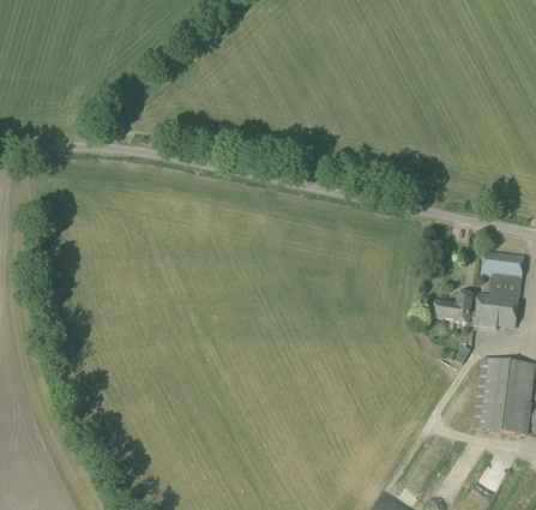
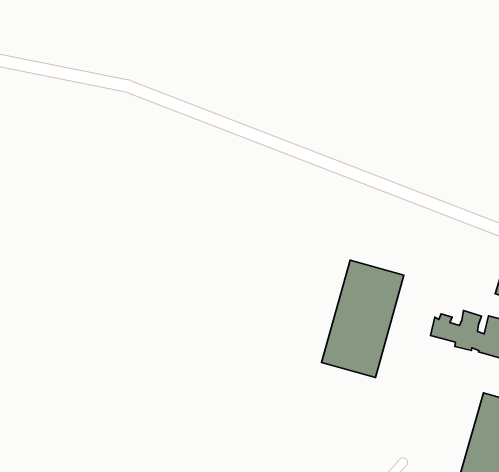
building: none -> [322,260,404,378]

